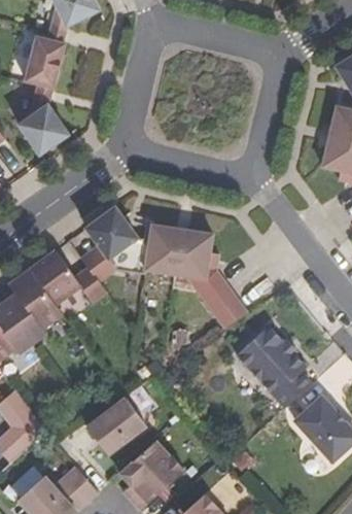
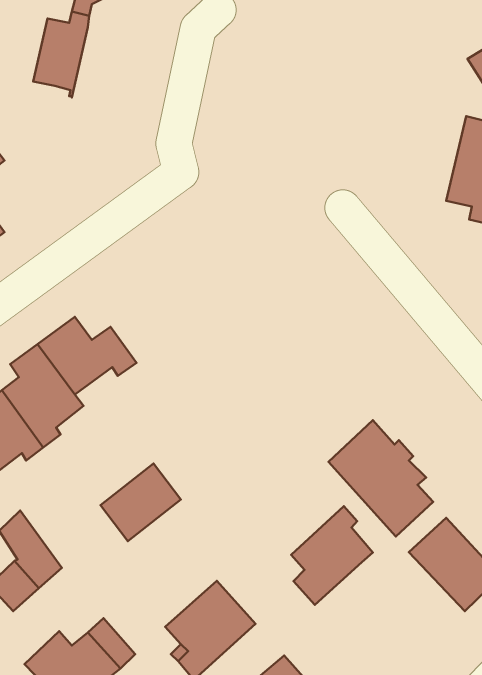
building: [20,84,70,155] -> none
building: [80,207,135,283] -> none
building: [146,224,244,322] -> none
building: none -> [291,506,373,605]
building: [89,400,146,455] -> [101,464,181,541]

